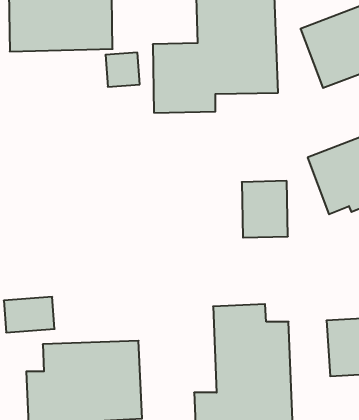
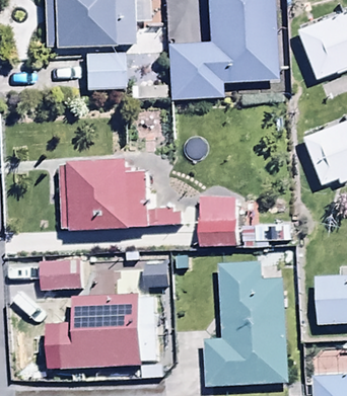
building: none -> [85,53,125,90]
building: [242,181,288,238] -> [198,195,237,244]
building: none -> [62,158,180,232]

